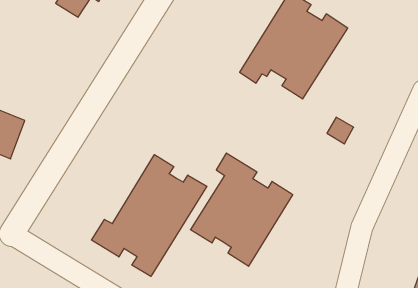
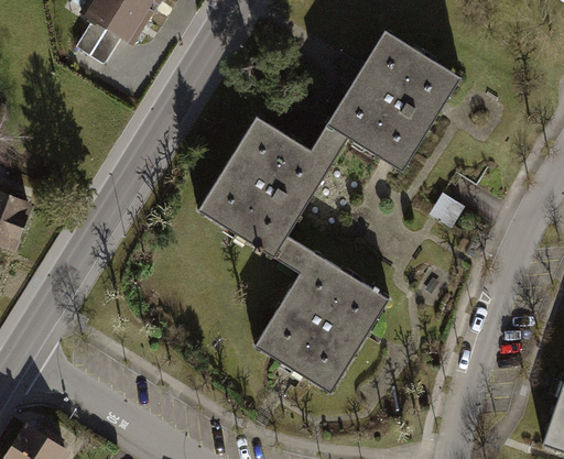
building: none -> [197,116,340,265]
building: [91,155,207,276] -> none

